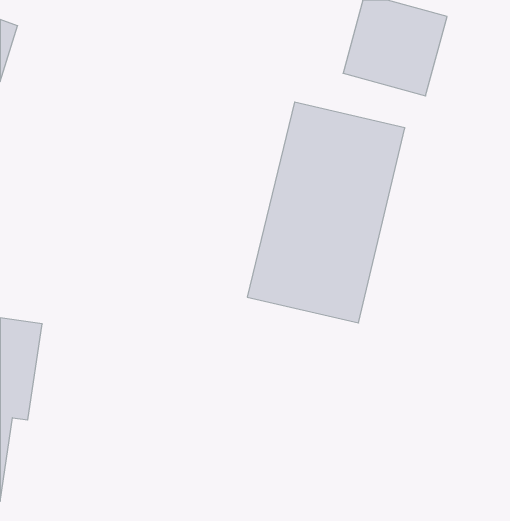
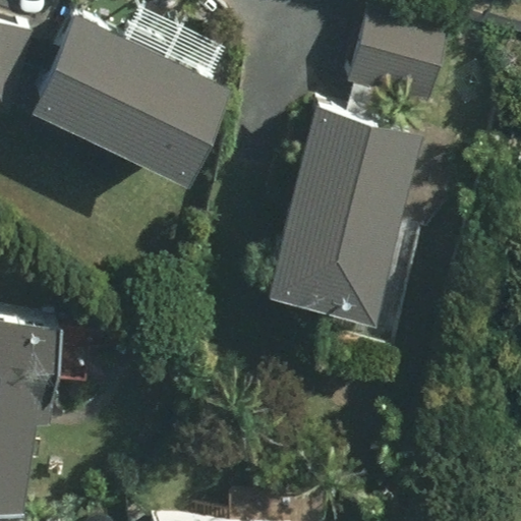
building: none -> [24,16,221,183]

